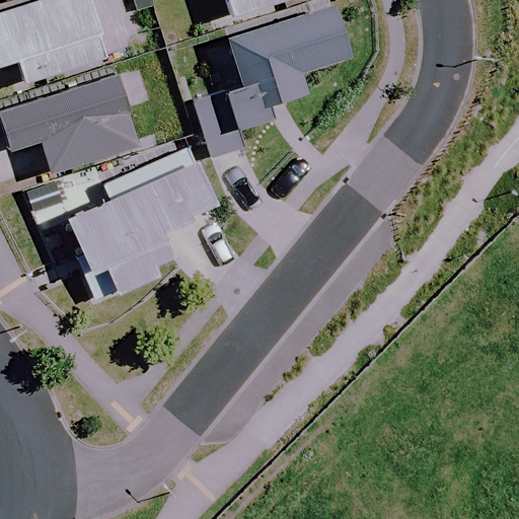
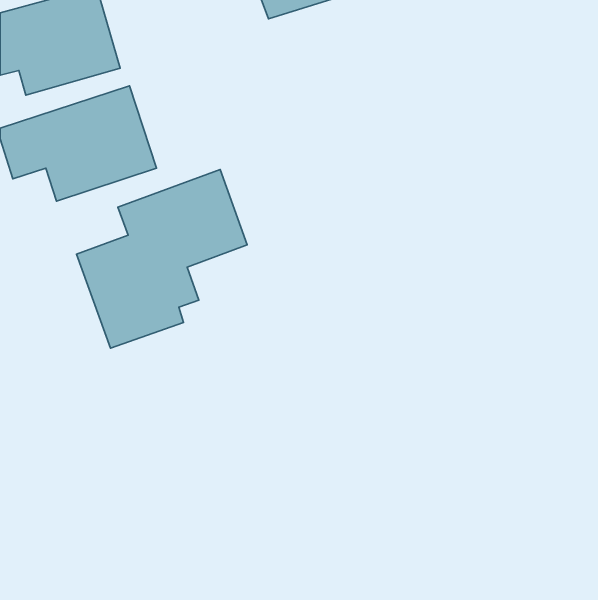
building: [194,7,351,161] -> none

